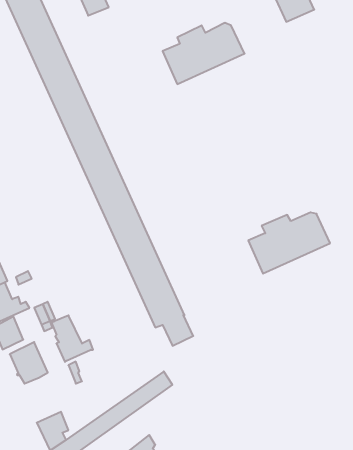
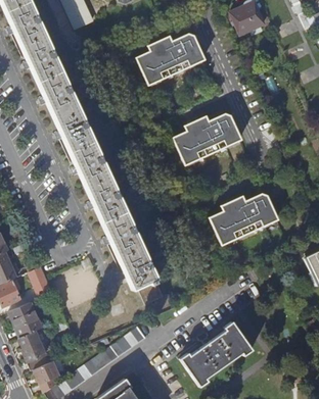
building: none -> [174,112,241,163]
building: [52,315,93,362] -> [20,331,55,369]
building: none -> [181,320,253,386]

